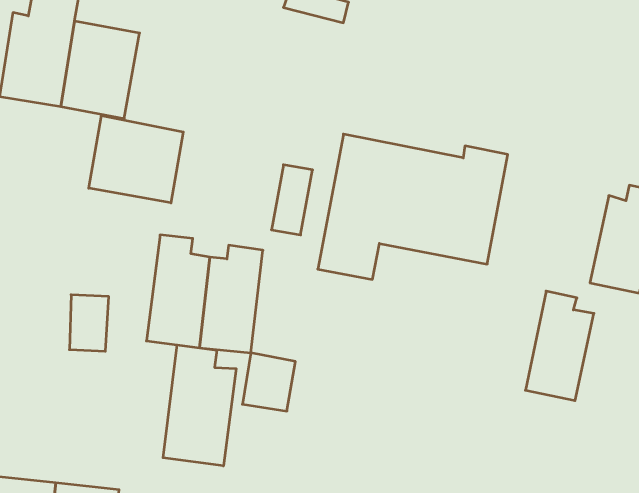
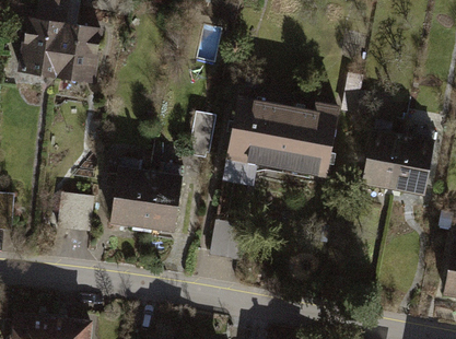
building: [89,115,183,203] -> none
building: [525,291,594,401] -> [362,119,406,189]
building: [163,345,236,466] -> none
building: [242,353,295,411] -> [211,222,245,259]

